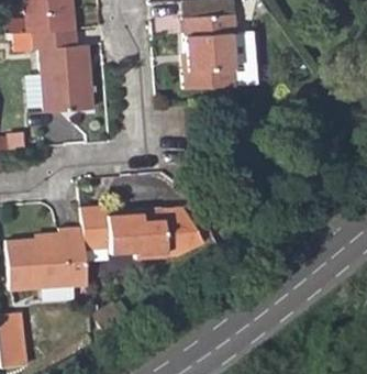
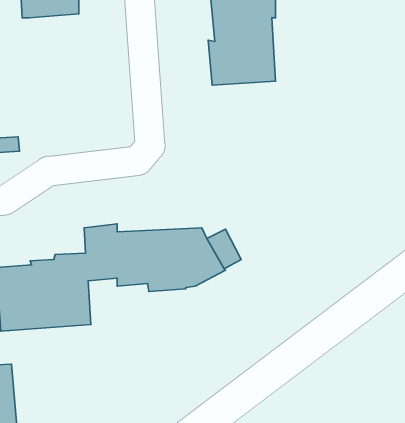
building: [33,29,96,112] -> none

